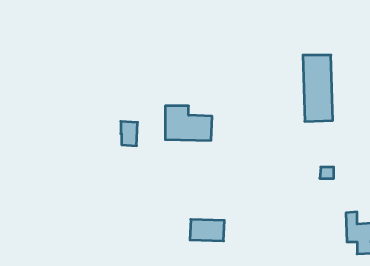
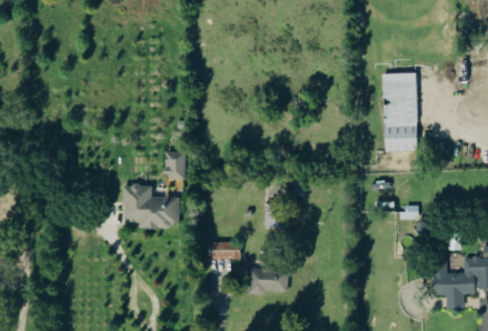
building: [165,106,212,140] -> [123,185,179,227]
building: none -> [209,241,239,259]

